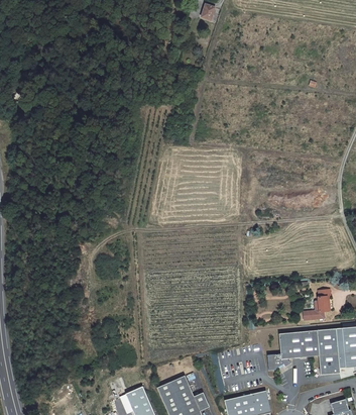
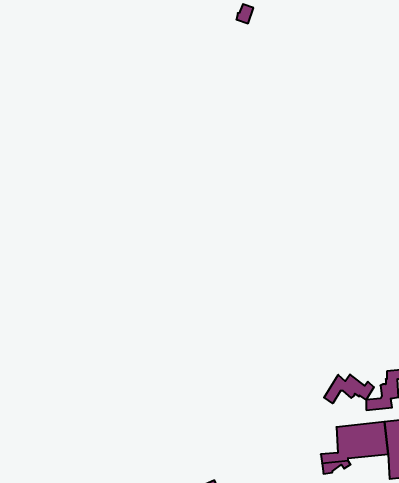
building: none -> [324,374,374,403]

